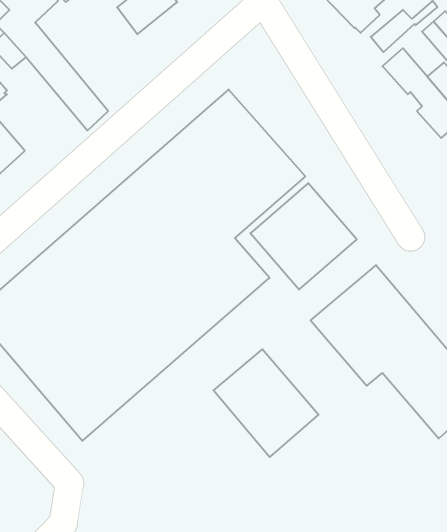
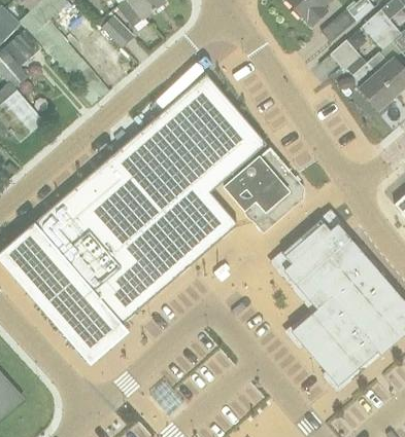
building: none -> [96,10,135,47]
building: [213,349,319,457] -> [291,299,375,386]

